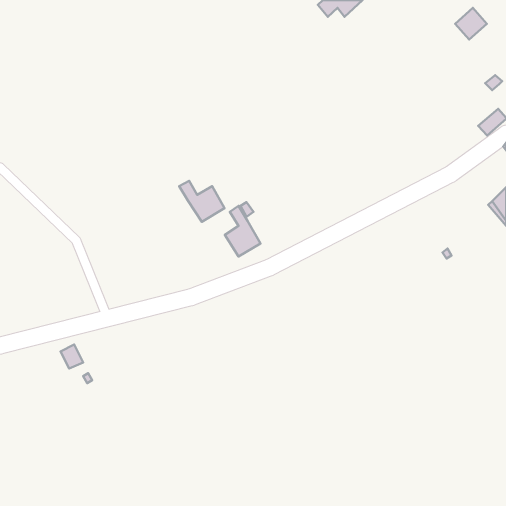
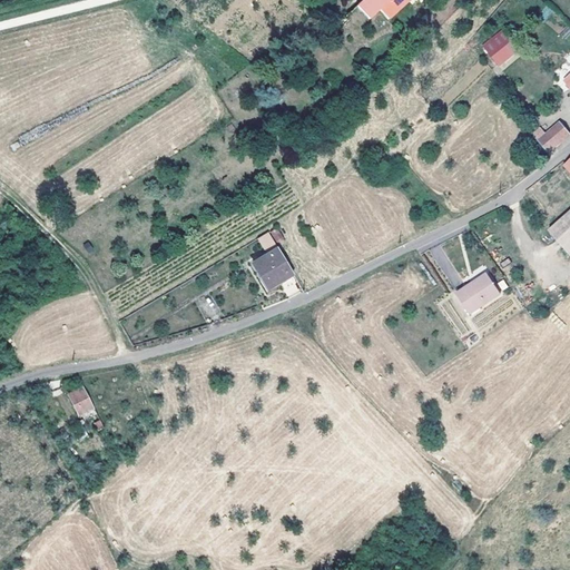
building: [455,8,487,40] -> [482,27,518,62]
building: [179,181,224,222] -> none
building: none -> [456,274,500,315]

